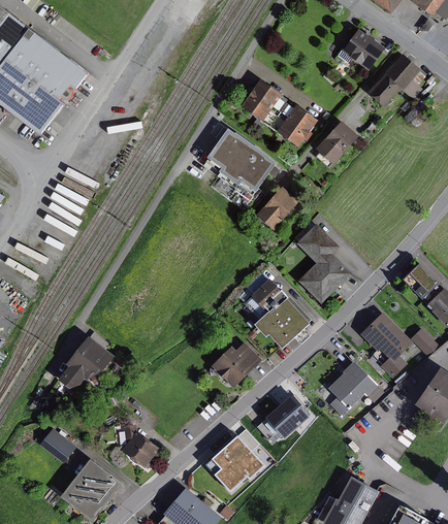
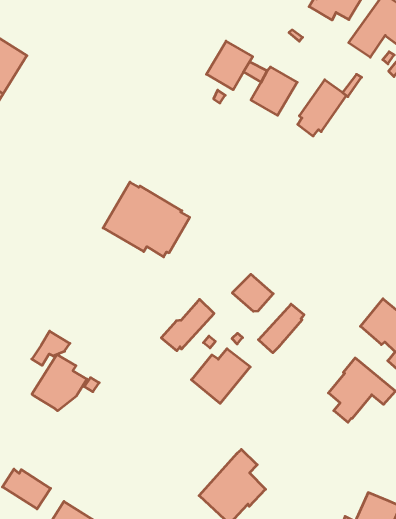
building: [205,125,281,192] -> [103,182,190,257]
building: [261,185,305,228] -> none
building: [293,221,349,302] -> none
building: [252,295,299,337] -> [161,299,214,351]
building: [54,366,88,395] -> [32,331,70,365]
building: [255,394,308,438] -> none
building: [120,425,158,468] -> none

